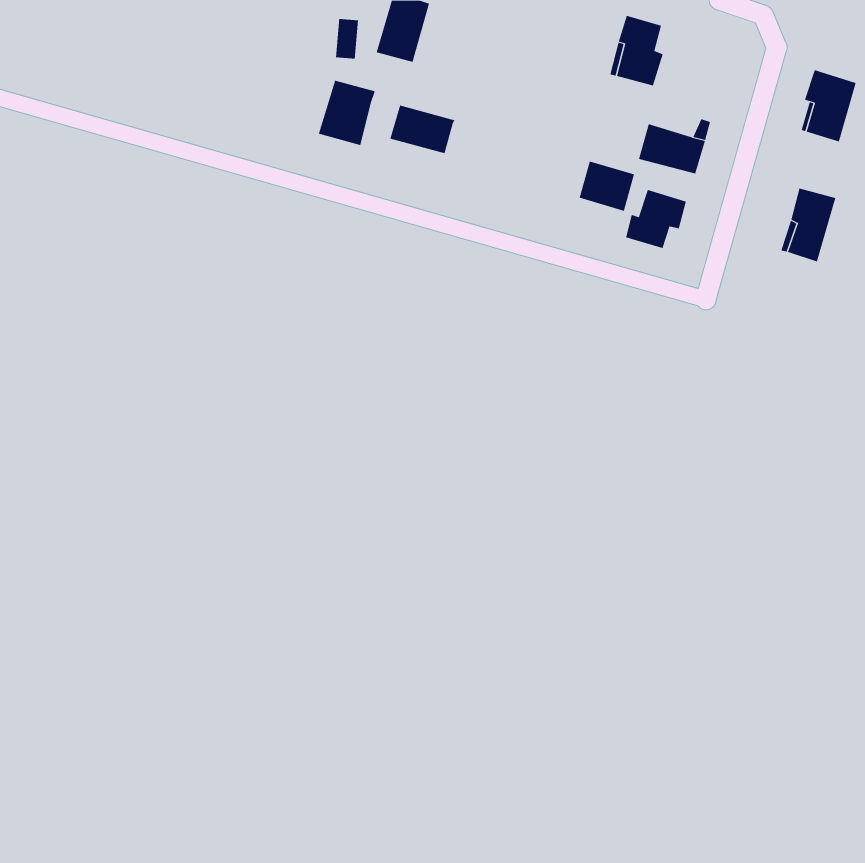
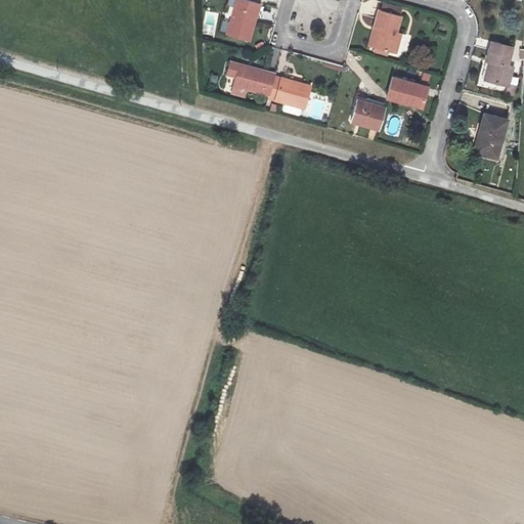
building: [318,80,375,146] -> none
building: none -> [268,76,310,107]
building: [625,189,686,249] -> none

